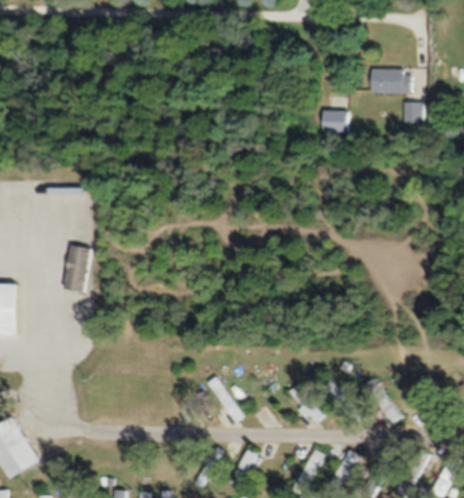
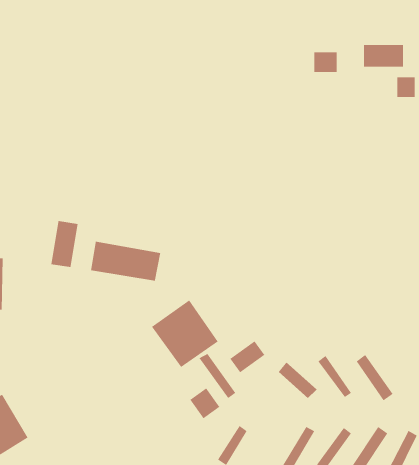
building: [324,111,348,131] -> [314,52,337,73]
building: none -> [91,241,161,281]
building: none -> [151,299,218,368]
building: none -> [230,341,265,373]
building: none -> [189,388,220,419]

